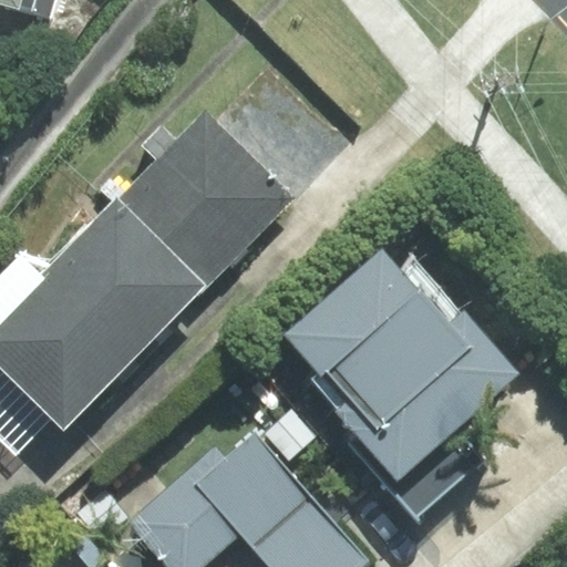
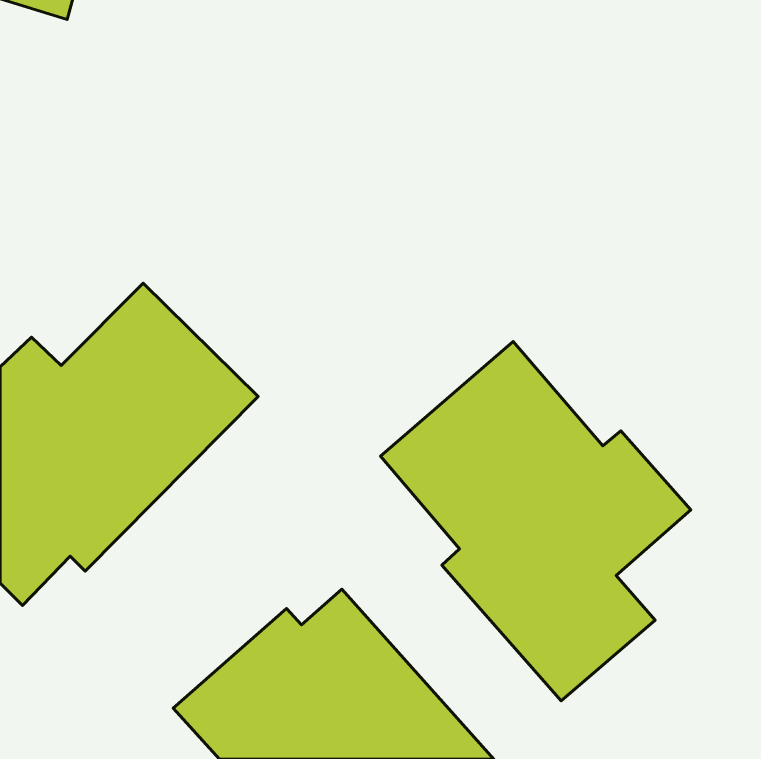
building: [107,111,292,295] -> none

